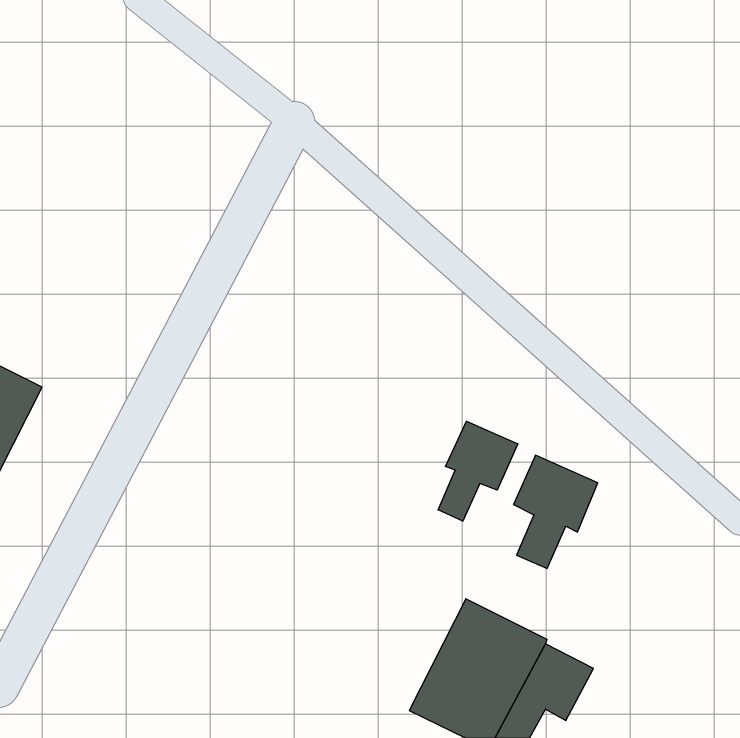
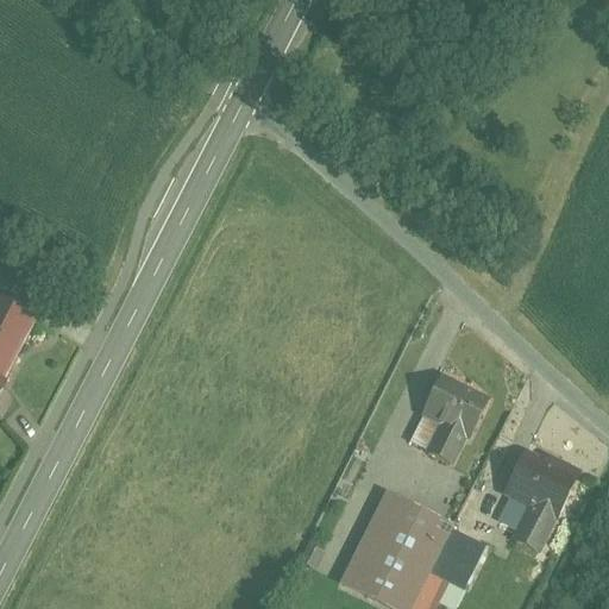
building: [438,421,518,521] -> none
building: none -> [500,445,582,553]

